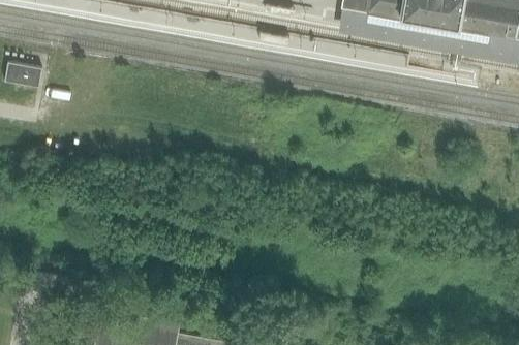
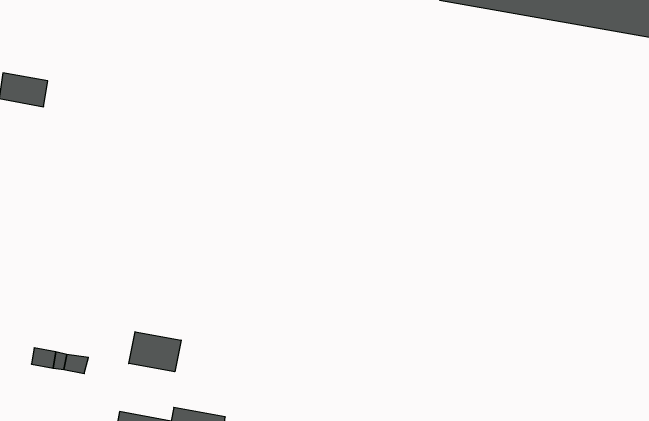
building: none -> [129,332,181,372]

